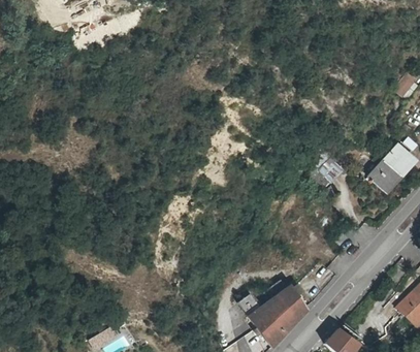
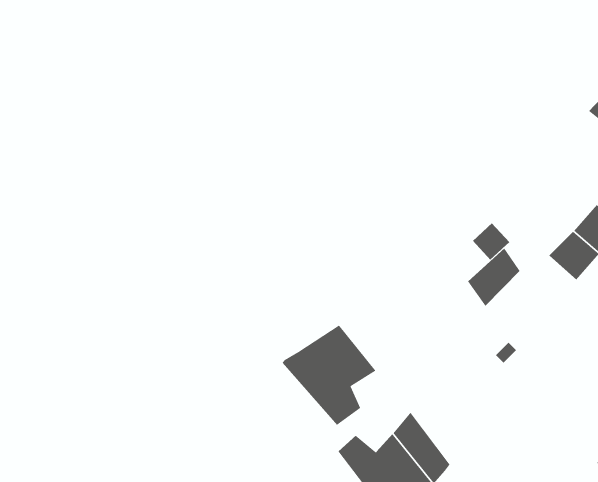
building: none -> [467,248,521,307]
building: none -> [281,324,377,426]

